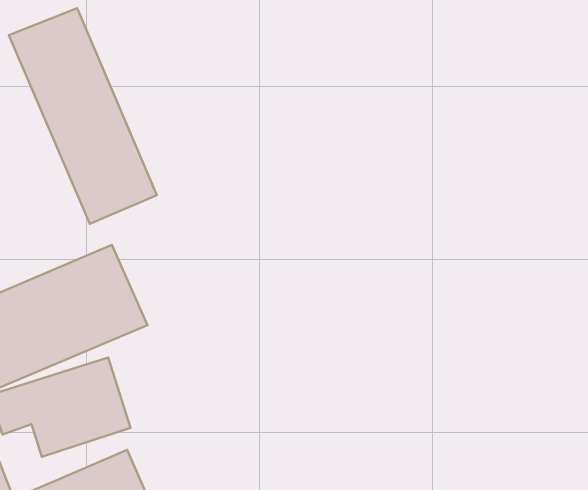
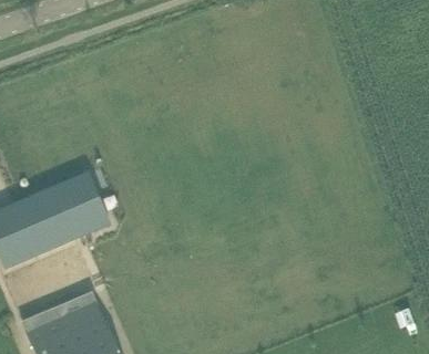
building: [9,8,157,224] -> none

